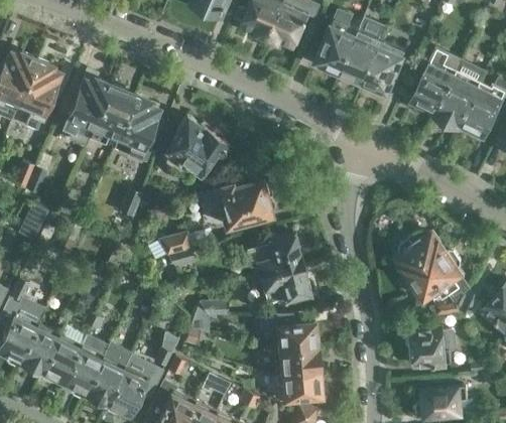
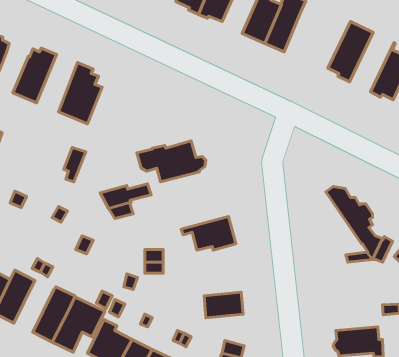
building: [363,39,406,93] -> none
building: [435,61,485,127] -> none
building: [89,86,134,149] -> none
building: [165,116,228,179] -> none
building: [247,234,301,279] -> none
building: [398,238,449,300] -> none
building: [272,323,315,352] -> none
building: [411,328,456,368] -> none
building: [64,335,108,393] -> none
building: [276,373,320,401] -> none

